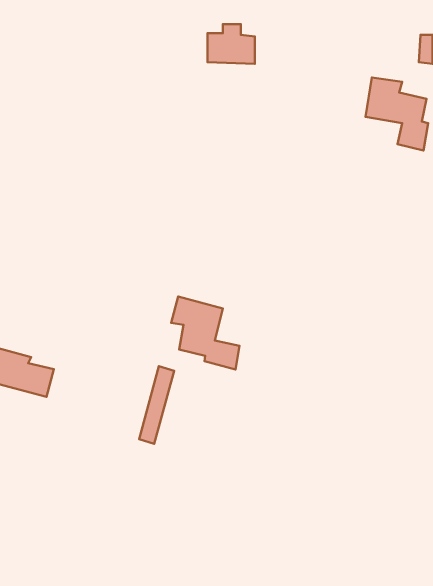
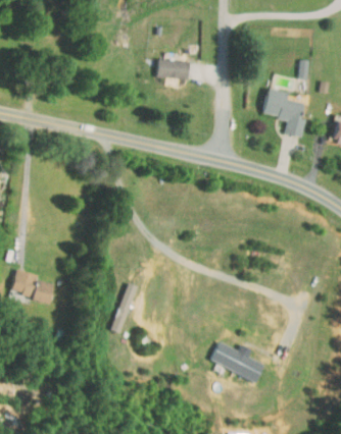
building: [171,296,239,369] -> none
building: none -> [211,342,265,382]

